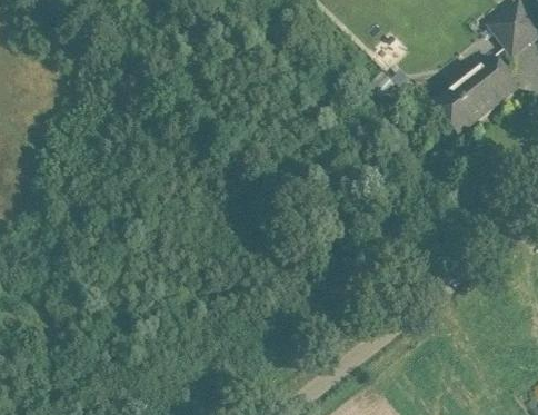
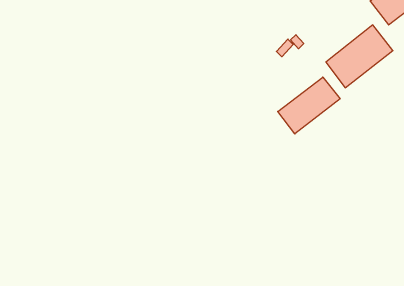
building: none -> [278,77,340,134]

